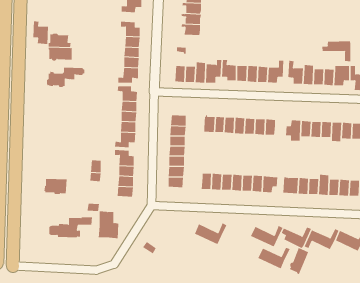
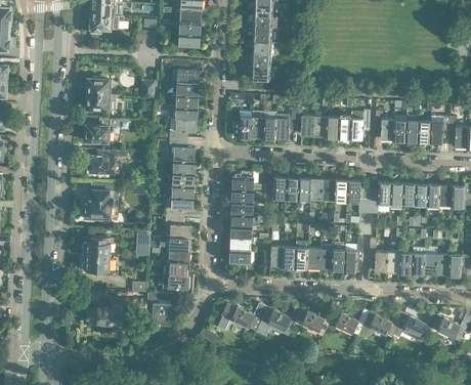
building: [33,21,48,45] -> none
building: [322,40,351,62] -> none
building: none -> [89,151,117,174]
building: none -> [84,184,117,221]
building: none -> [81,238,110,254]
building: none -> [157,274,187,294]
building: none -> [215,304,266,332]
building: [257,247,291,269] -> [295,308,335,335]
building: [289,247,309,275] -> none

